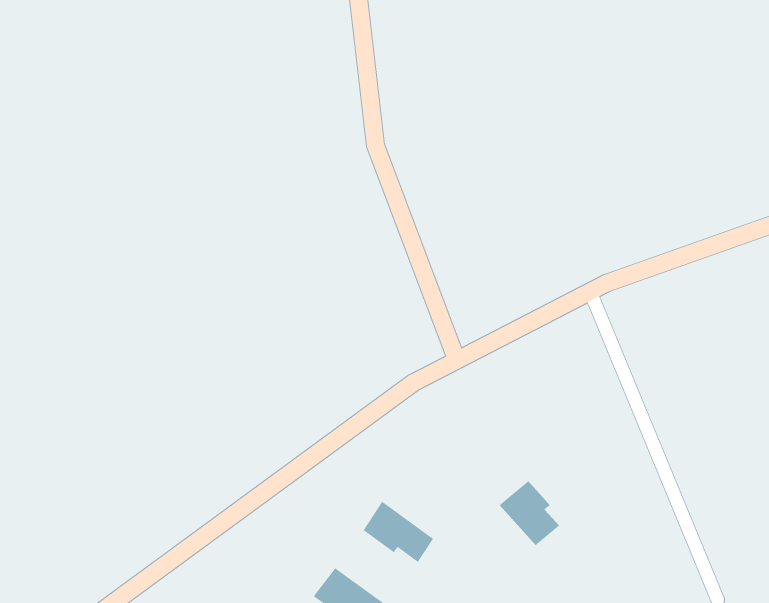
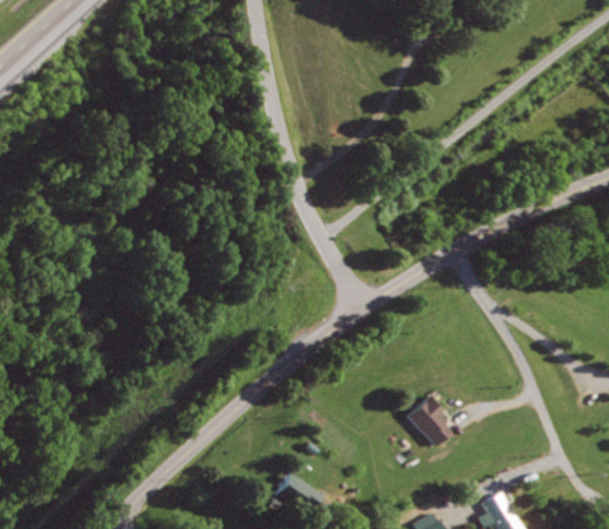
building: [363,501,434,563] -> none

